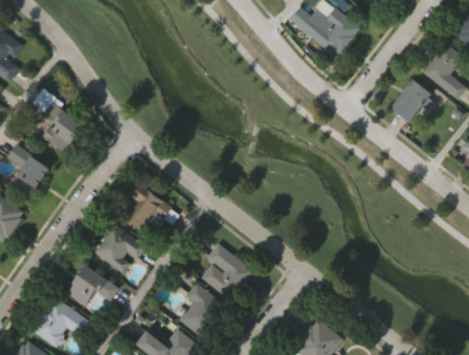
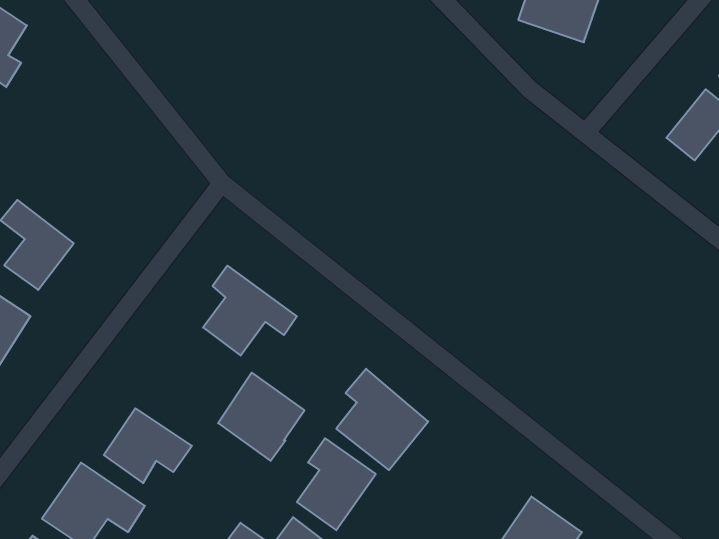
building: [31,89,85,152] -> none
building: [93,223,143,274] -> [218,373,304,461]

